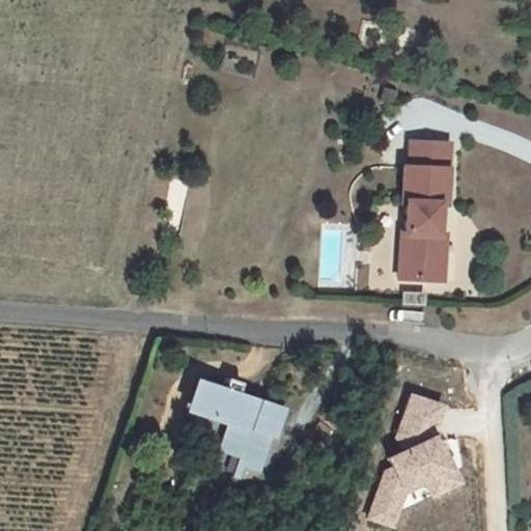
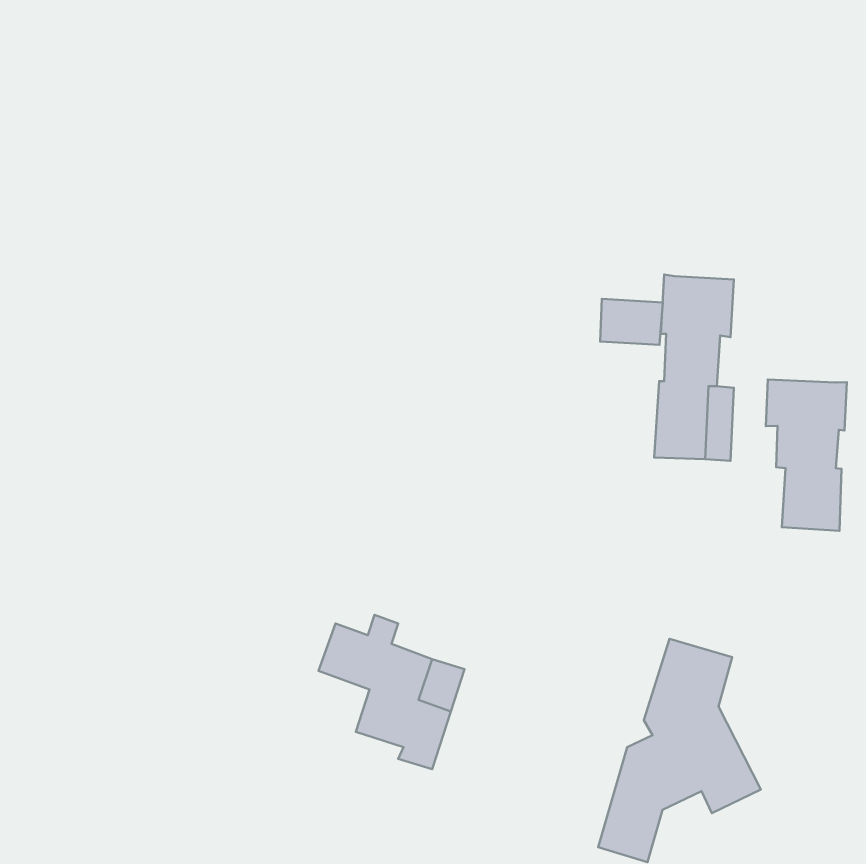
building: [413,143,451,171] -> [600,299,663,345]
building: none -> [766,380,847,531]

